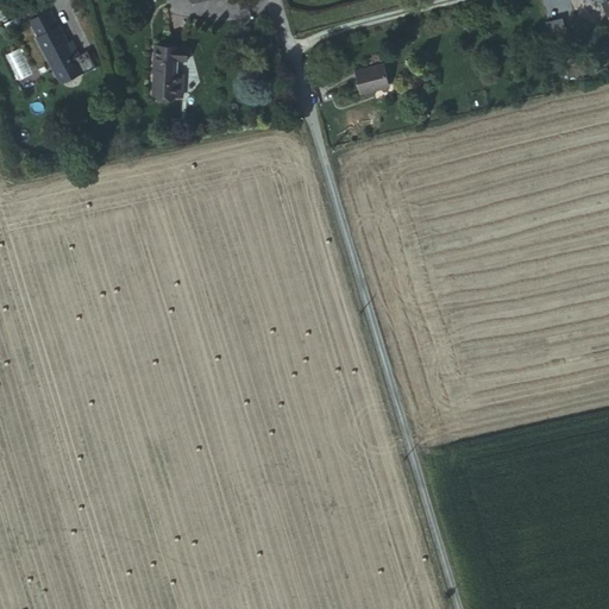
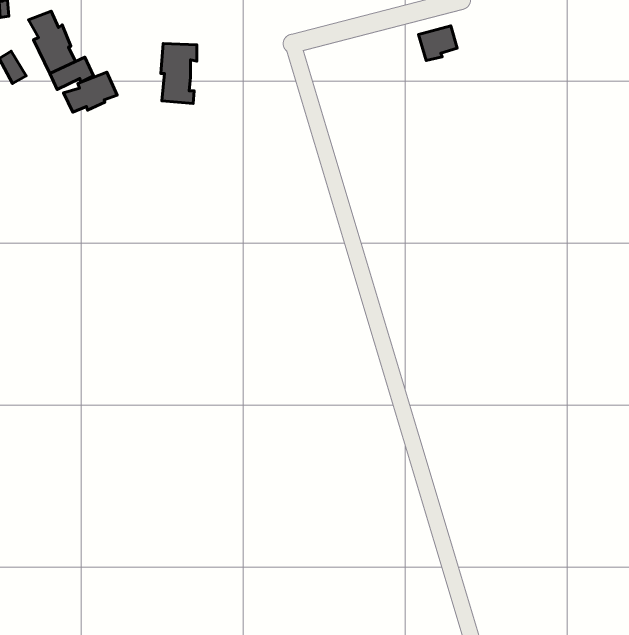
building: [354,64,391,98] -> [419,26,457,61]
building: none -> [63,72,117,112]

